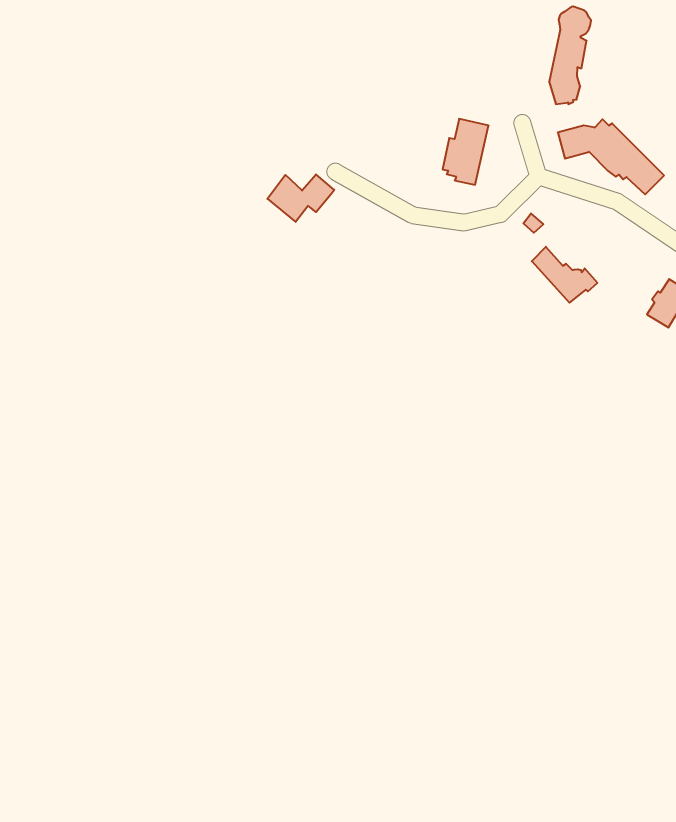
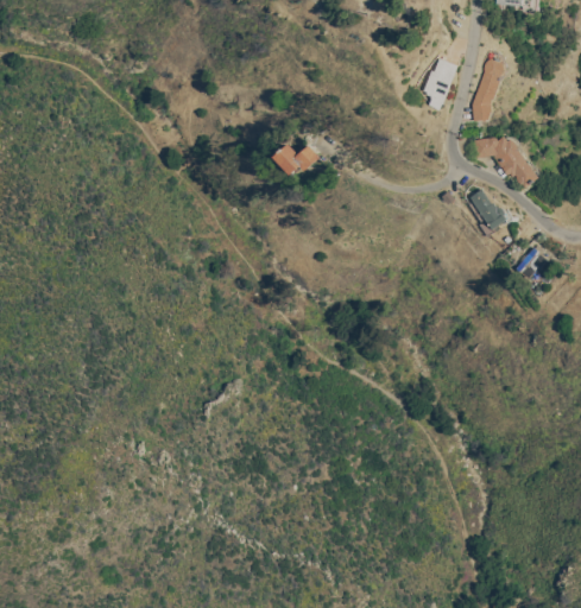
building: [443,119,489,185] -> [423,59,457,104]
building: [532,247,597,303] -> [472,190,513,229]

